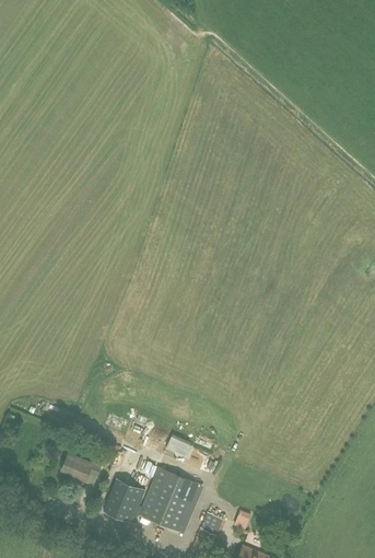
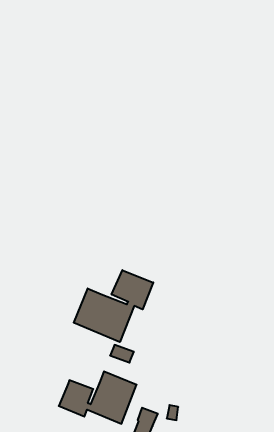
building: none -> [74,270,153,342]
building: [61,455,102,480] -> none

